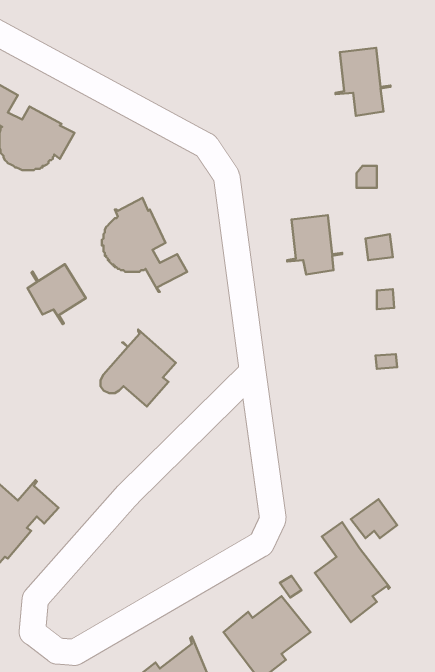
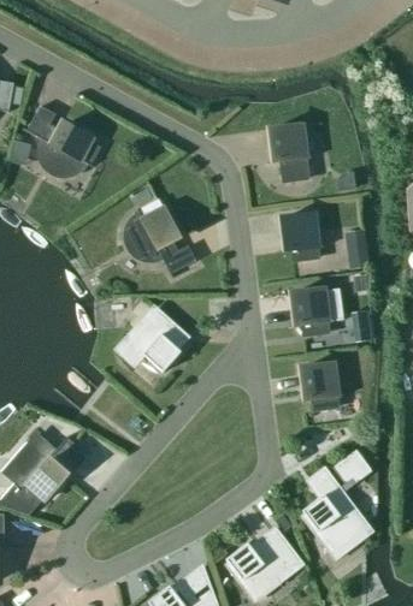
building: [336,48,391,116] -> [269,124,314,180]
building: [28,264,86,324] -> none
building: none -> [290,287,336,337]
building: none -> [300,362,346,411]

